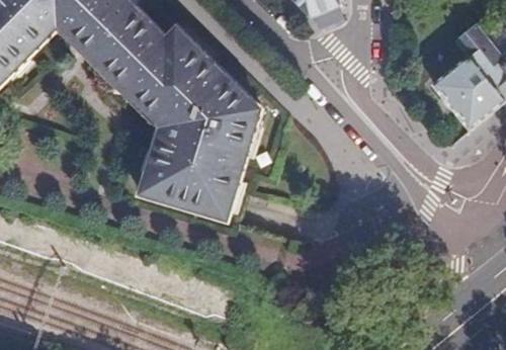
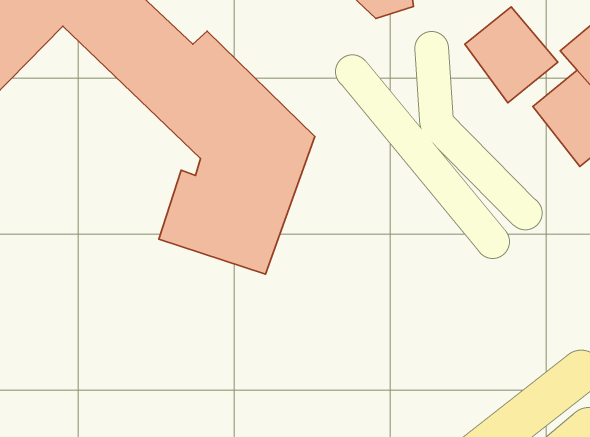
building: none -> [465,7,558,103]

